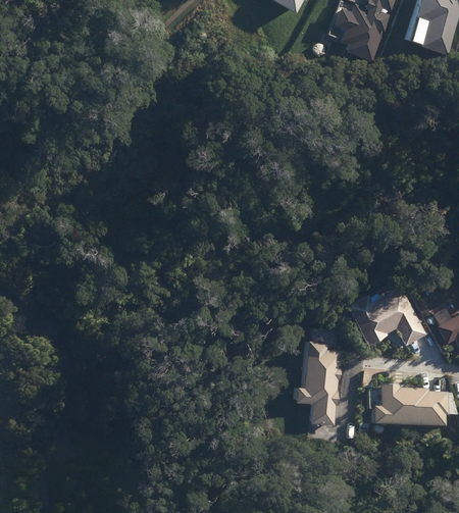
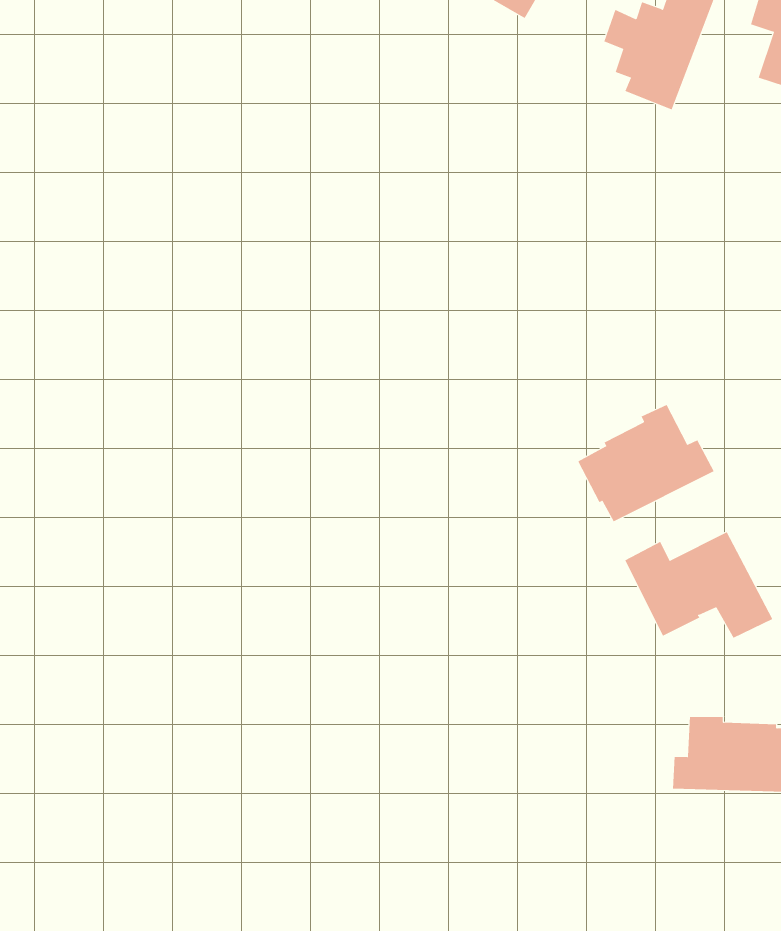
building: none -> [578,404,715,522]
building: [295,339,341,422] -> none

